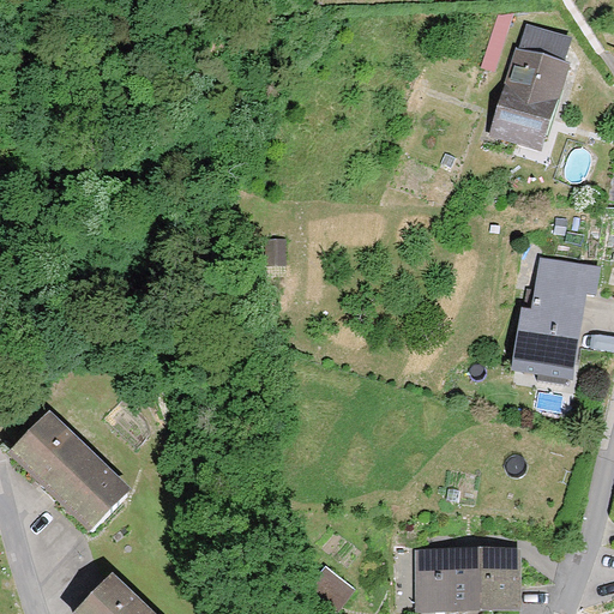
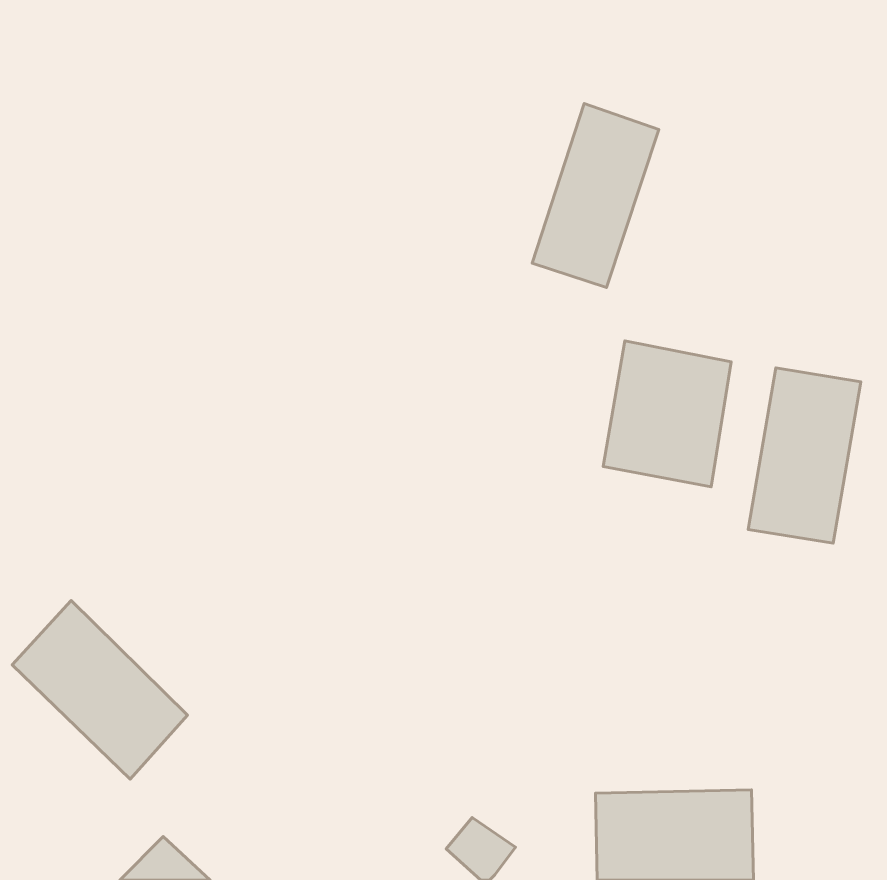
building: [489,23,577,150] -> [532,104,659,288]
building: none -> [603,341,731,487]

